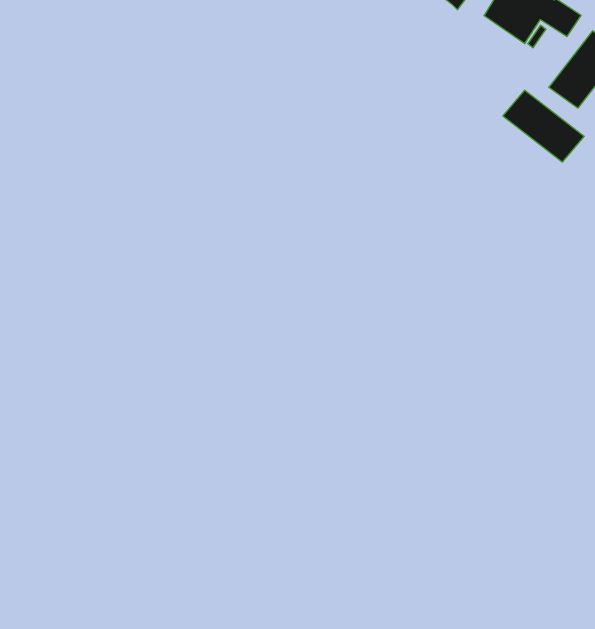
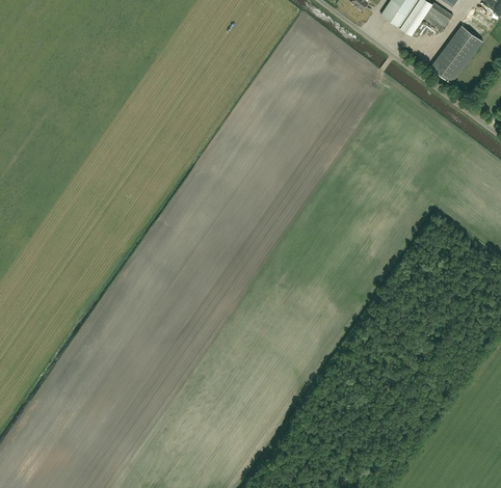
building: [503,90,584,162] -> none

